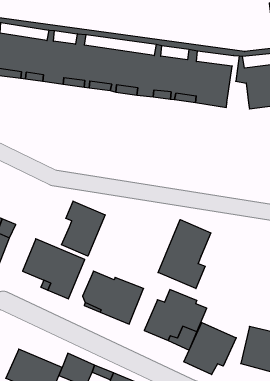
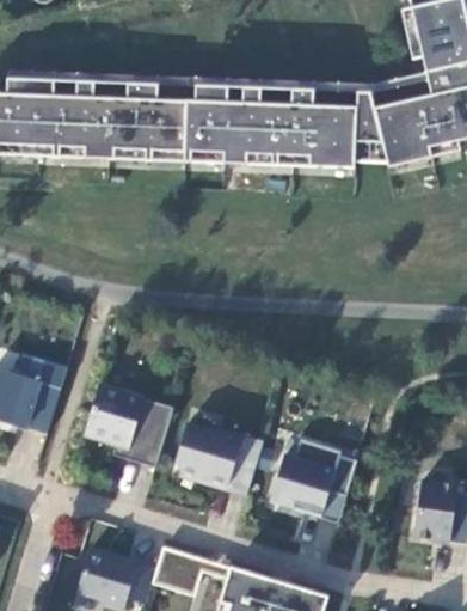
building: none -> [356,90,388,160]
building: [62,201,105,256] -> none
building: [158,220,211,289] -> none
building: [184,323,236,375] -> none

